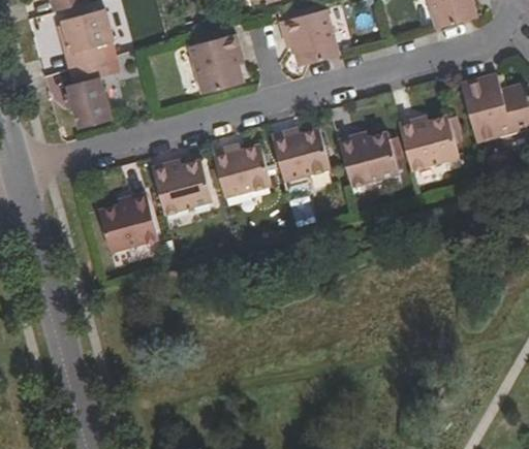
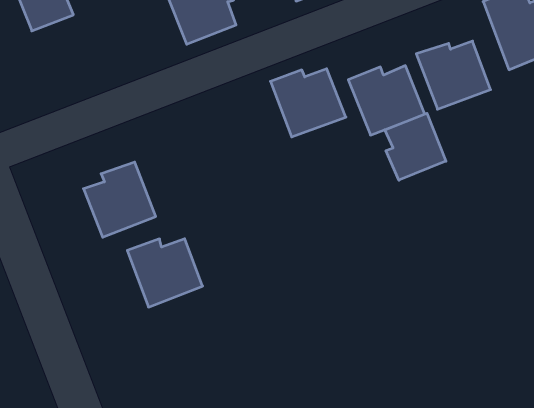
building: [66,59,113,128] -> none
building: [212,142,272,198] -> none
building: [151,158,213,216] -> [127,239,203,307]
building: none -> [385,113,446,180]

